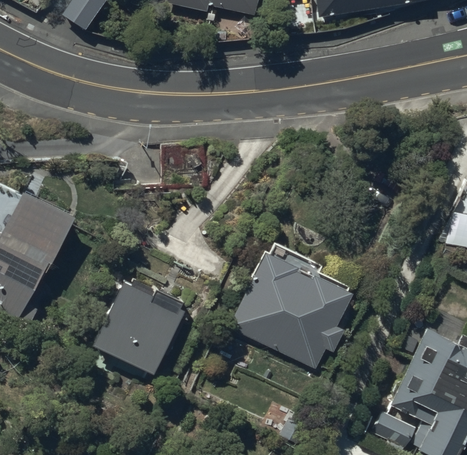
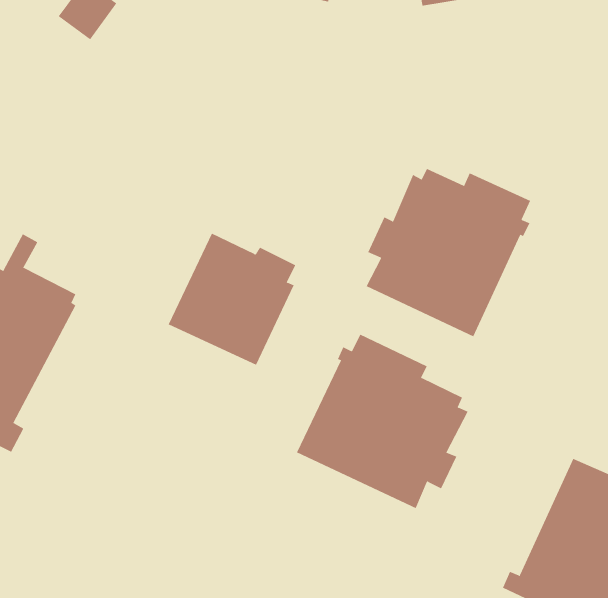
building: none -> [366,168,531,337]
building: [89,276,180,370] -> [168,233,296,365]

